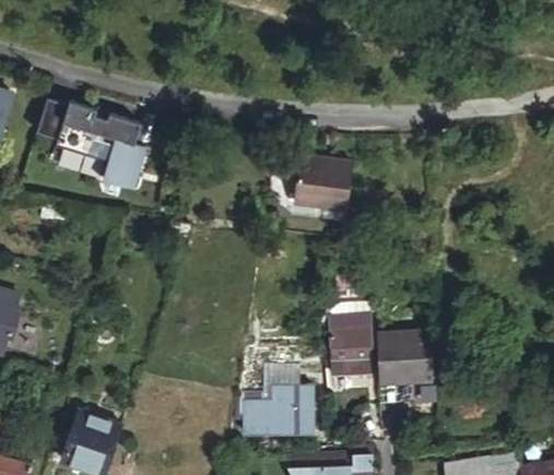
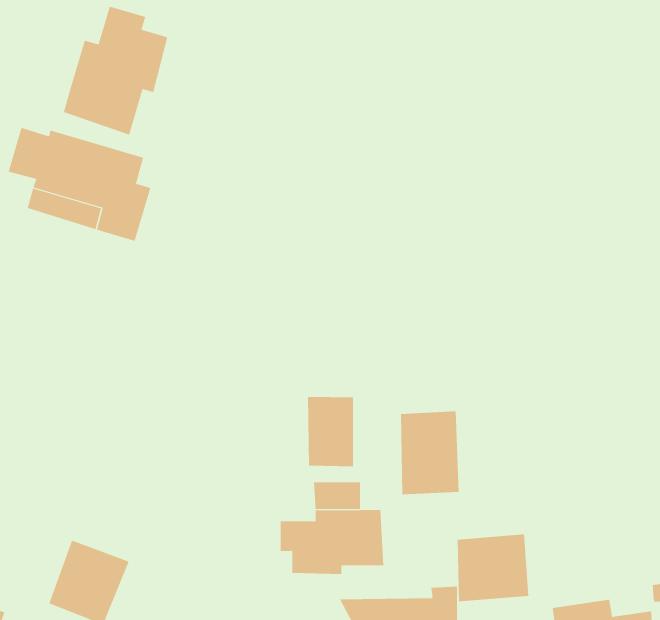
building: none -> [63,6,168,135]
building: [286,155,347,209] -> none
building: none -> [307,396,353,467]
building: [379,332,434,383] -> [457,534,529,602]

